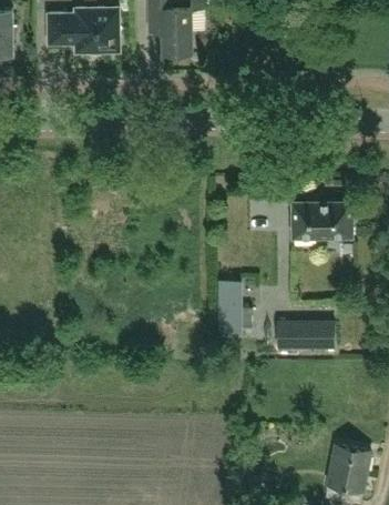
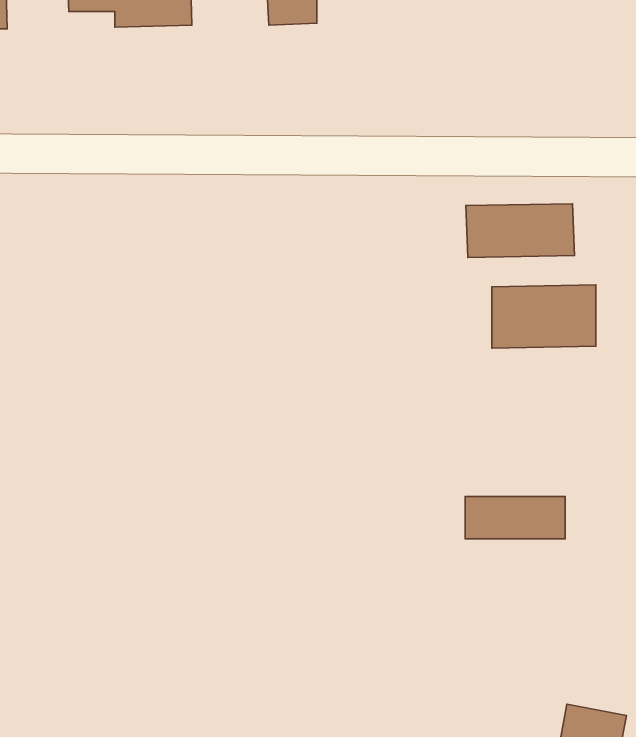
building: none -> [466,204,575,258]
building: [216,279,250,331] -> none

